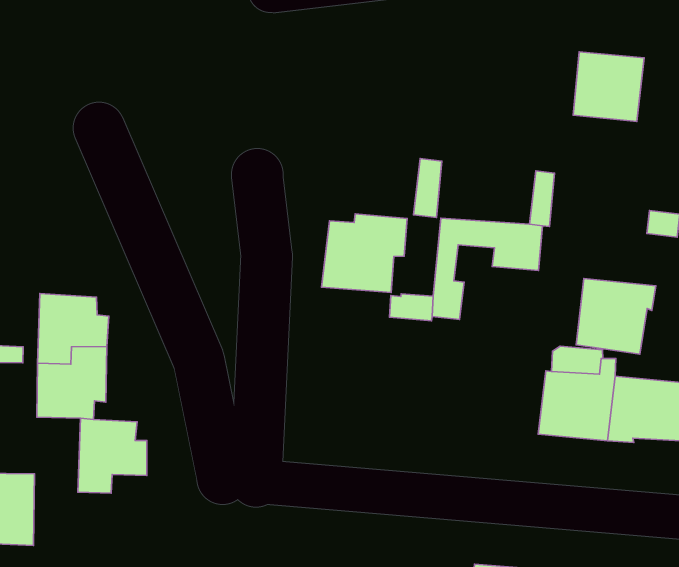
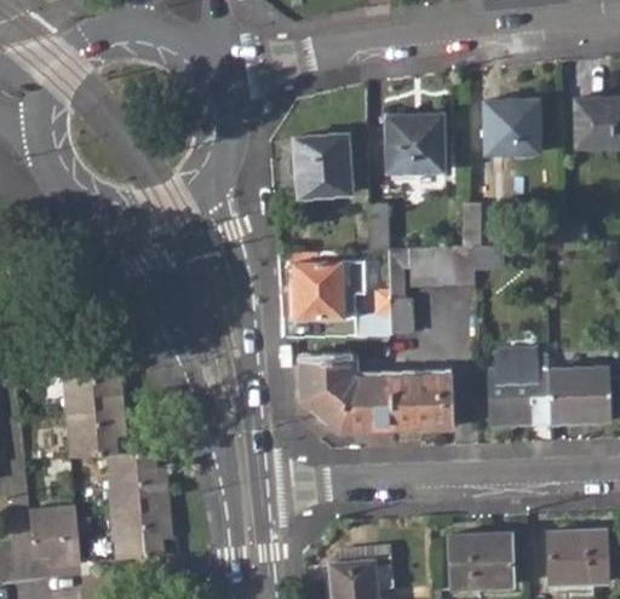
building: none -> [381,117,440,175]
building: none -> [288,139,343,201]
building: [576,279,656,354] -> none
building: none -> [303,361,455,427]
building: none -> [114,495,174,560]

